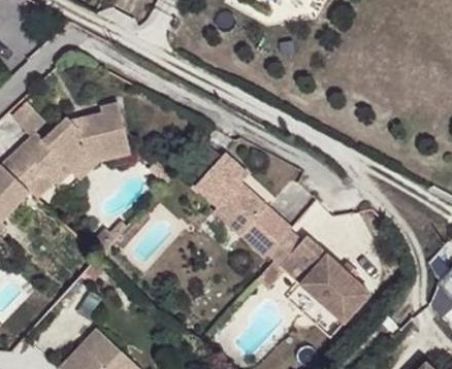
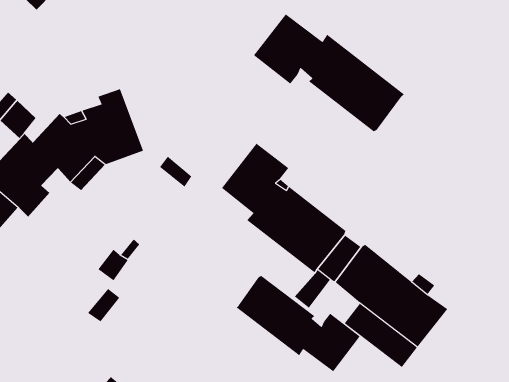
building: none -> [253,13,405,132]
building: none -> [235,275,361,372]

